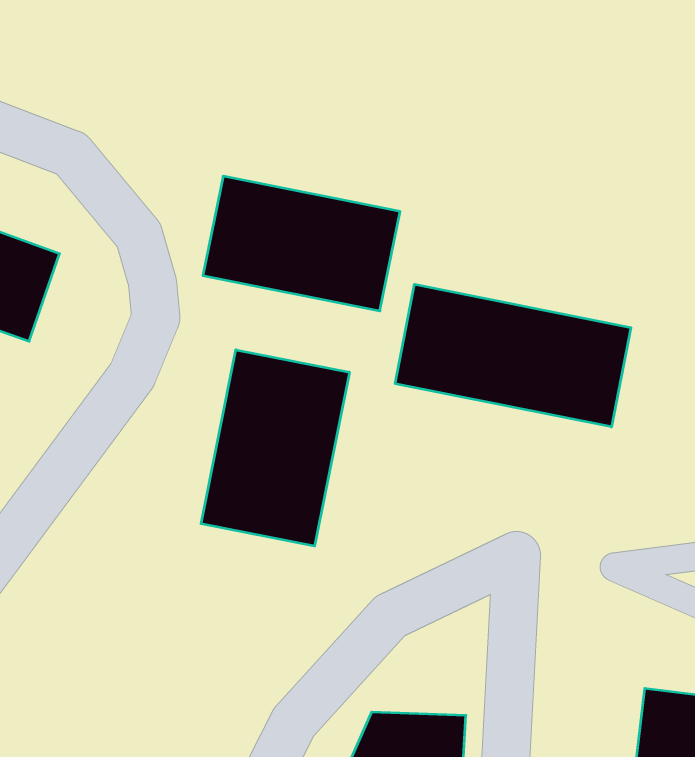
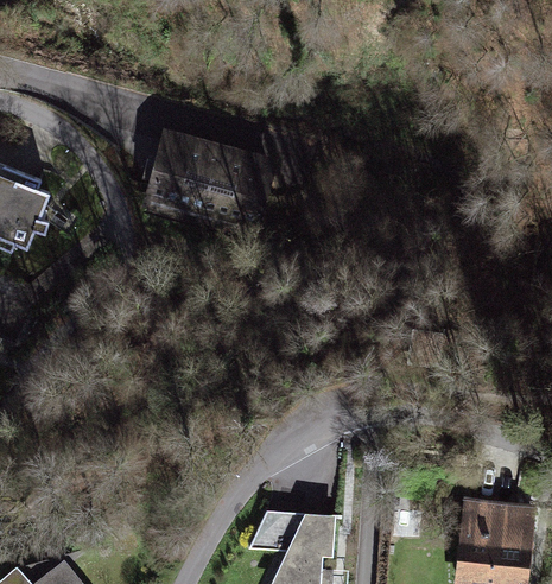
building: [395,284,631,427] -> none
building: [201,350,349,546] -> none

